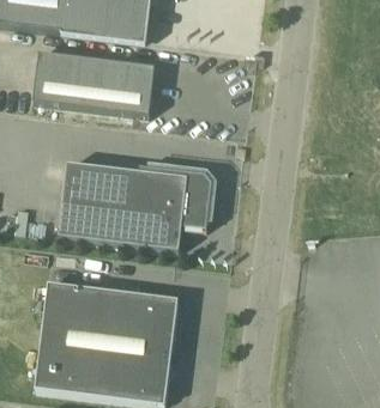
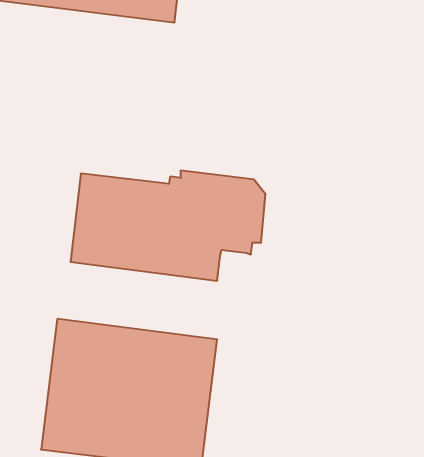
building: [34,50,156,115] -> none

